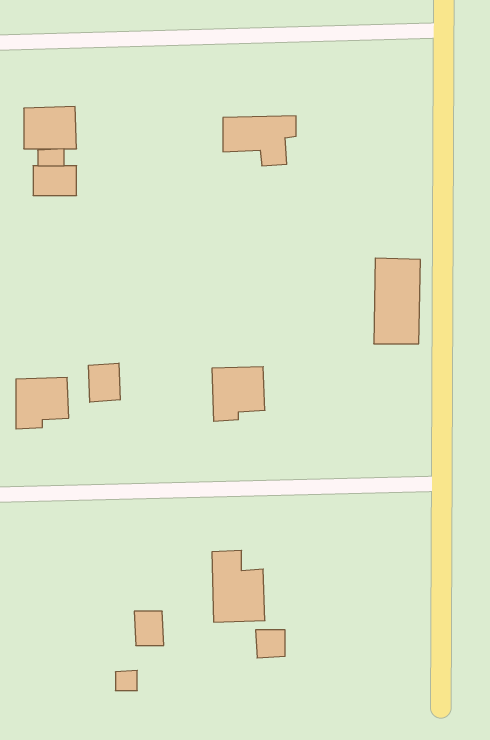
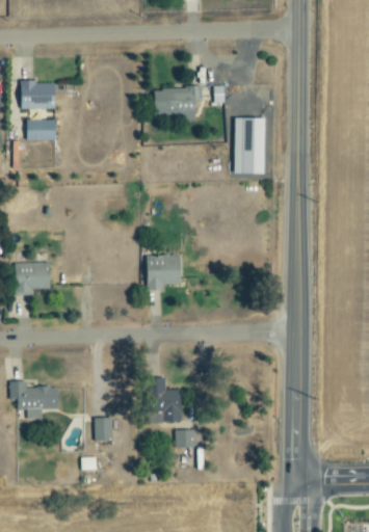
building: [374,258,420,344] -> [234,116,265,174]
building: [89,363,120,402] -> none
building: none -> [10,380,58,419]

